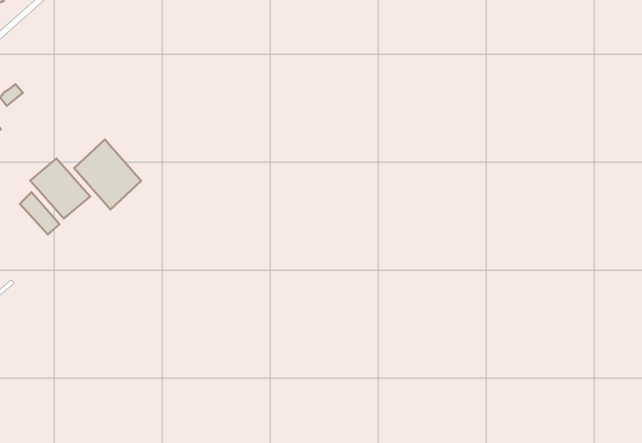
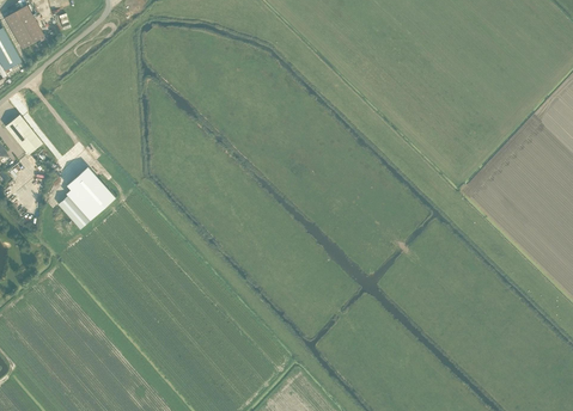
building: [74,140,141,209] -> none

